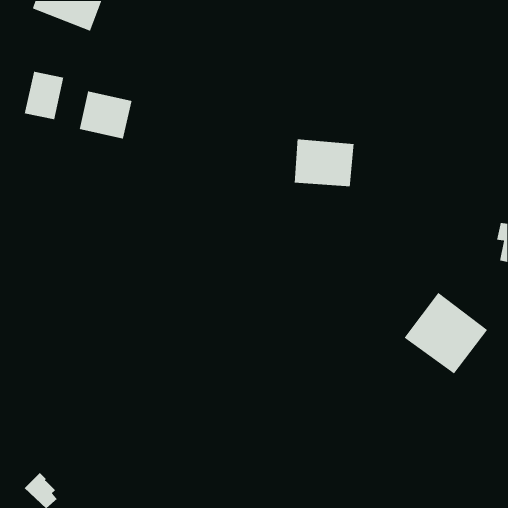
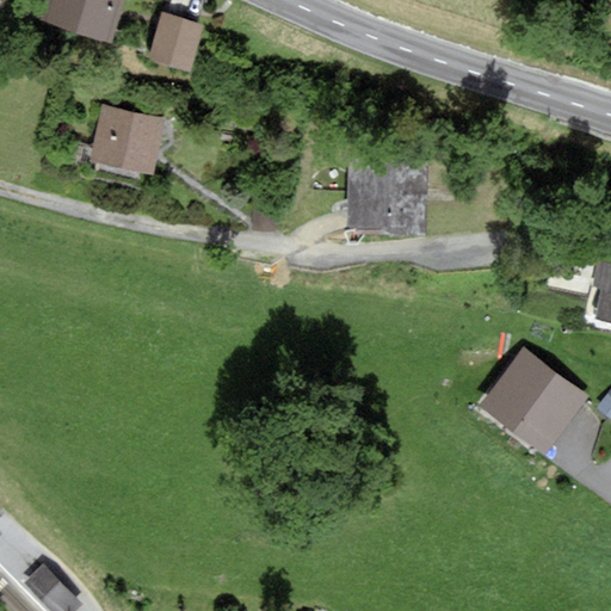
building: none -> [154,17,198,68]
building: [24,71,64,120] -> none

